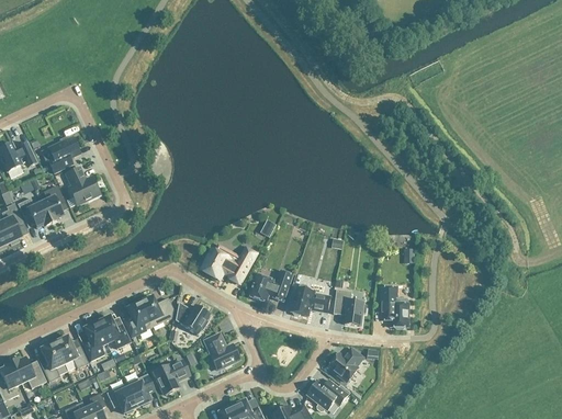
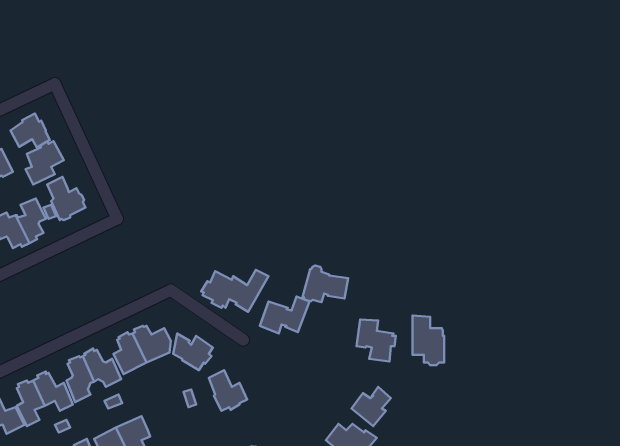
building: none -> [11,114,50,147]
building: [291,283,330,315] -> [302,265,348,302]
building: [154,359,189,393] -> none

